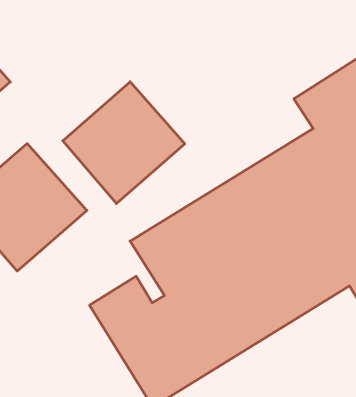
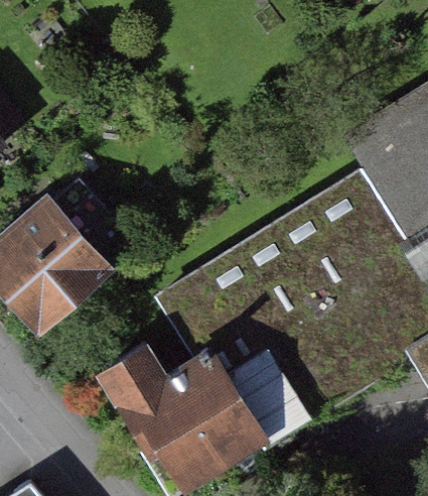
building: [63,82,185,204] -> none

